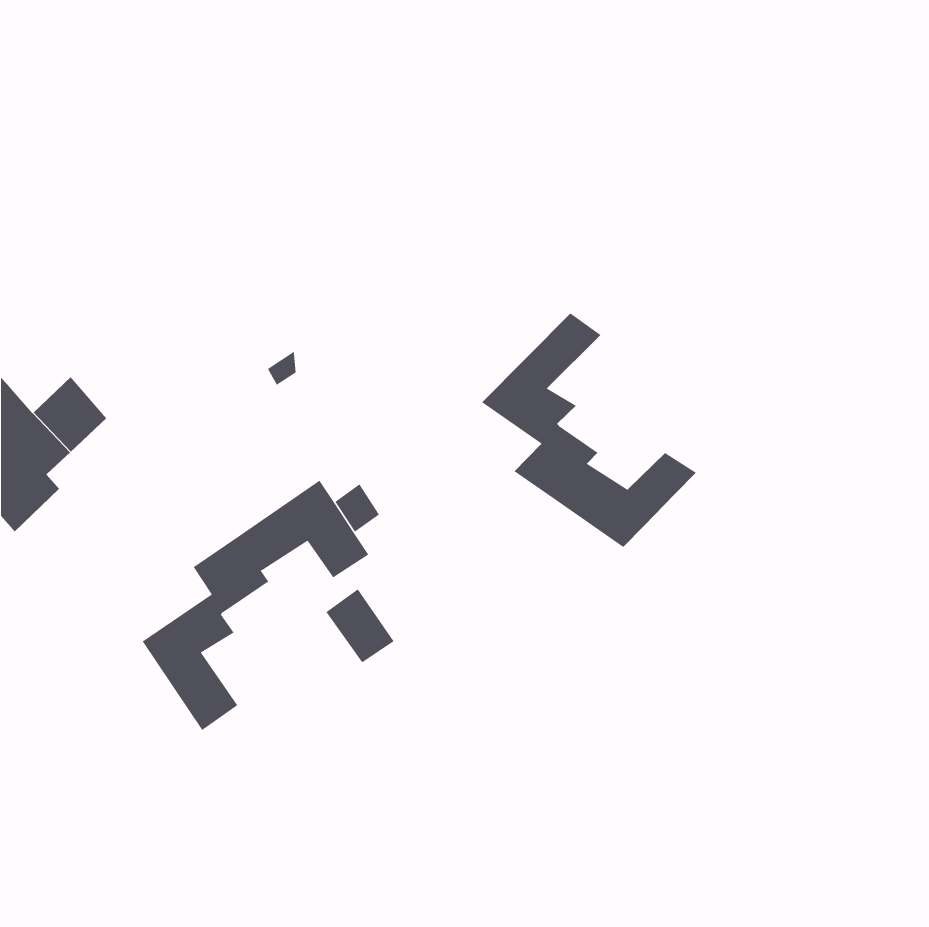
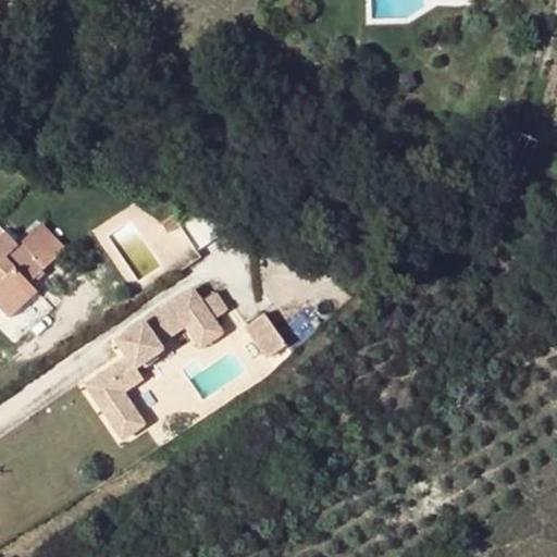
building: [481,312,697,548] -> none
building: [325,588,395,663] -> [244,312,285,357]

